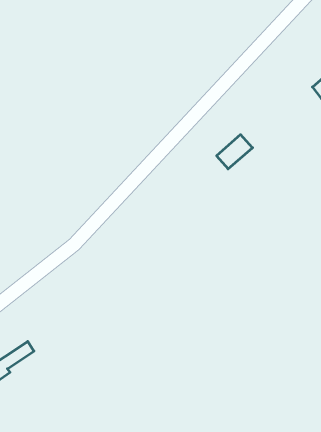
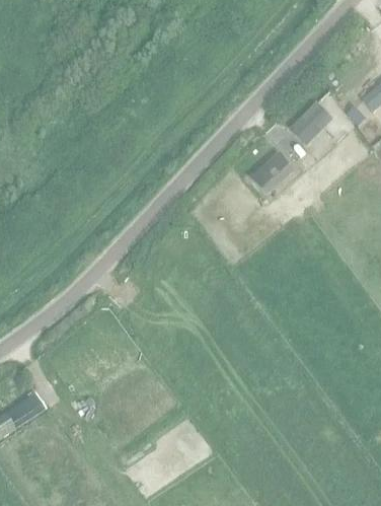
building: none -> [292,104,330,143]

